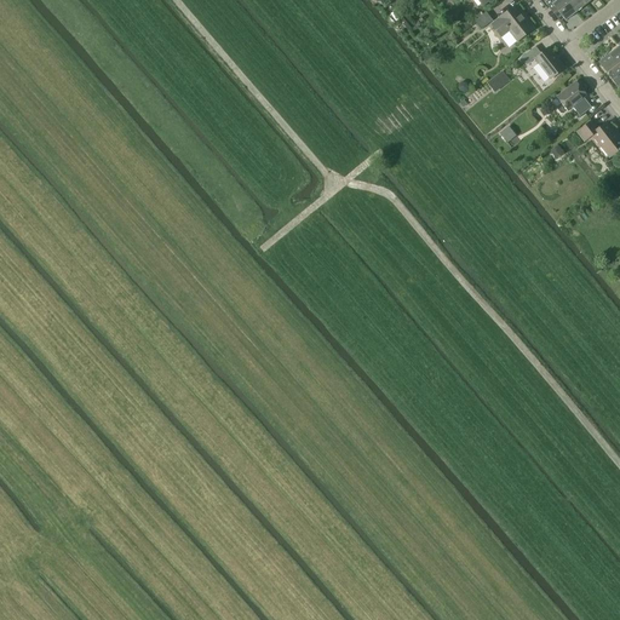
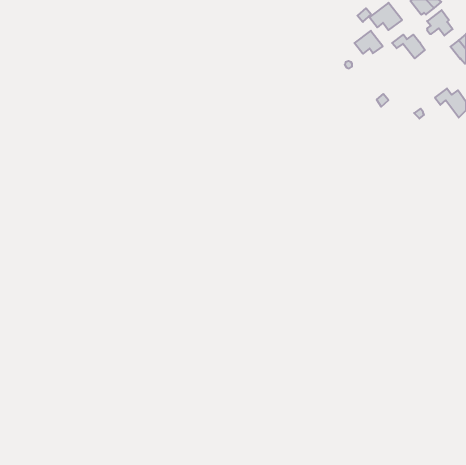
building: none -> [354,31,383,54]
building: [557,81,591,115] -> [427,10,453,36]

